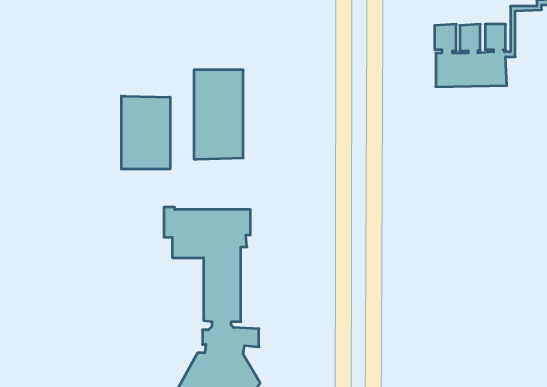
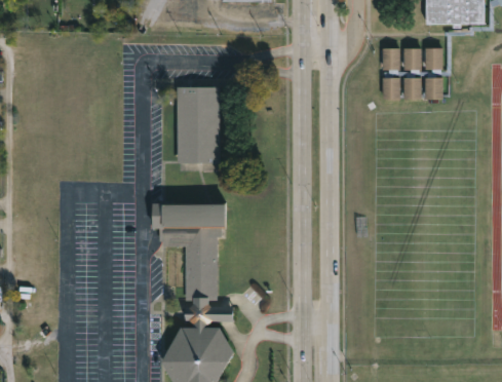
building: [121,96,170,169] -> none

